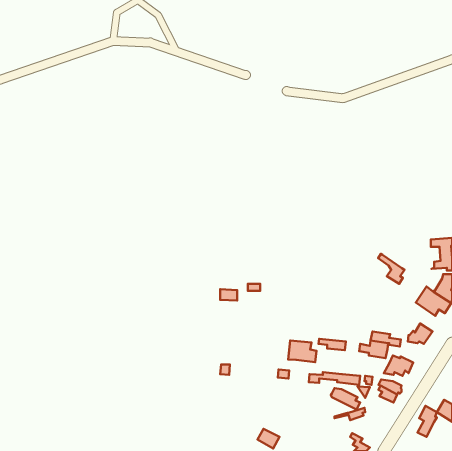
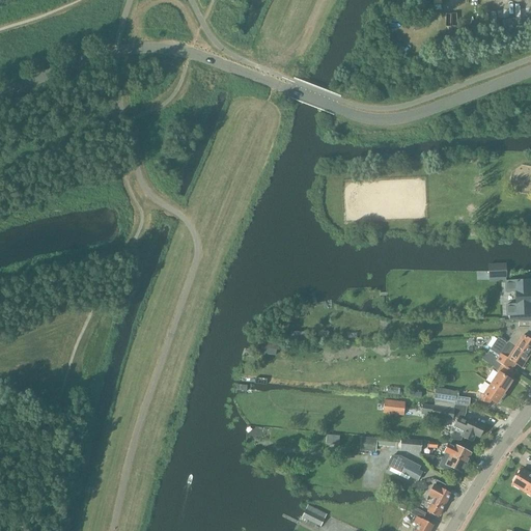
building: [378,254,405,284] -> [482,354,513,389]
building: [288,340,317,362] -> none
building: [418,406,437,437] -> [427,480,450,516]

